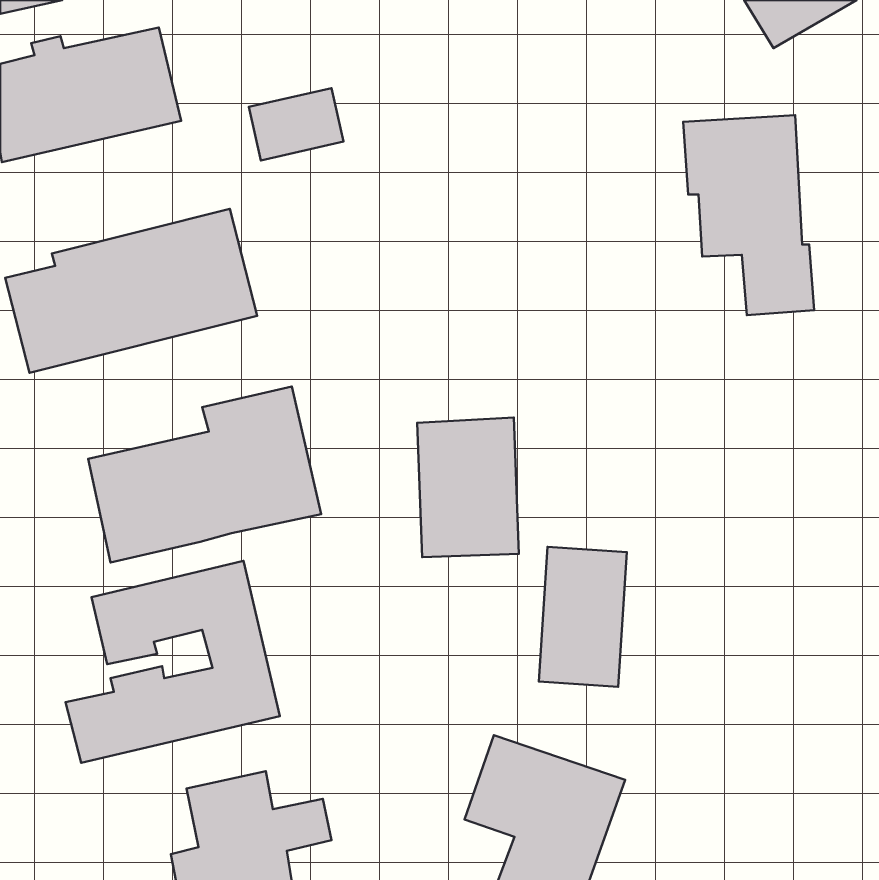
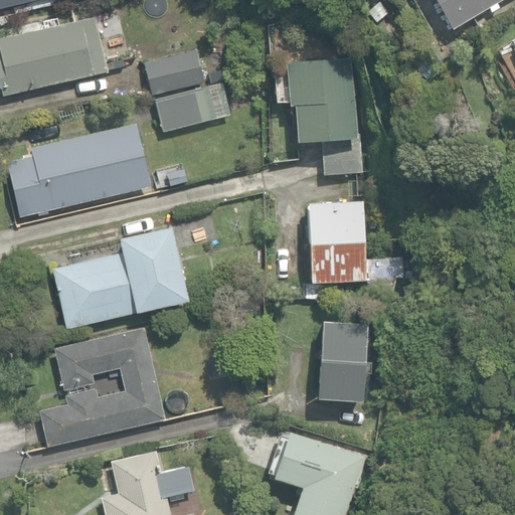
building: [683,115,814,315] -> [287,58,363,175]
building: none -> [156,89,211,133]
building: [417,418,519,557] -> [307,200,366,282]

